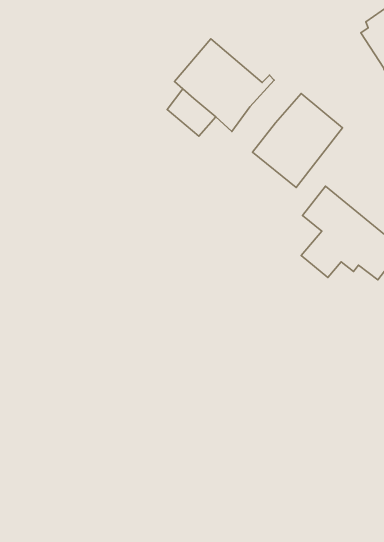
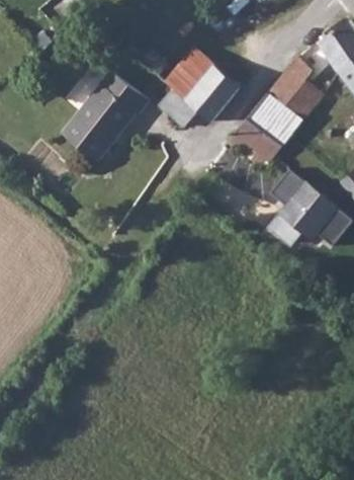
building: none -> [269,56,324,119]
building: none -> [63,70,149,160]

